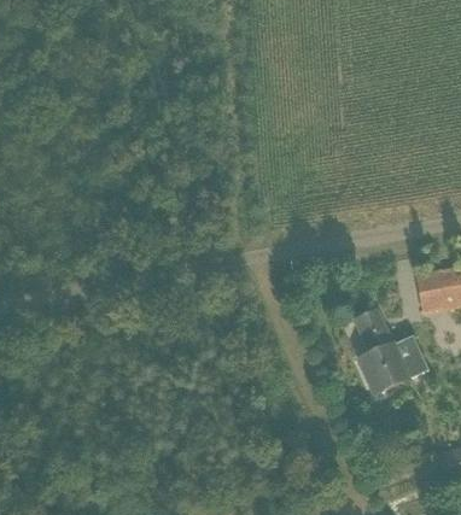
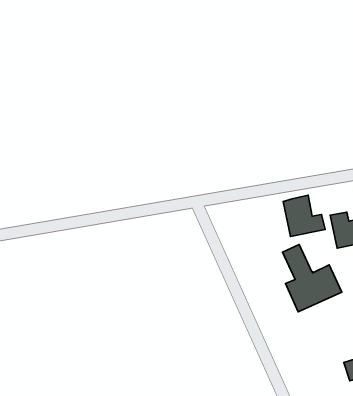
building: none -> [283,195,325,237]

